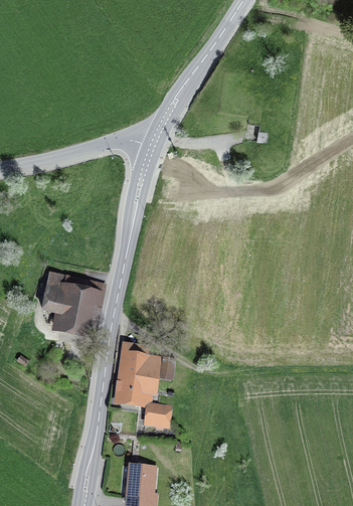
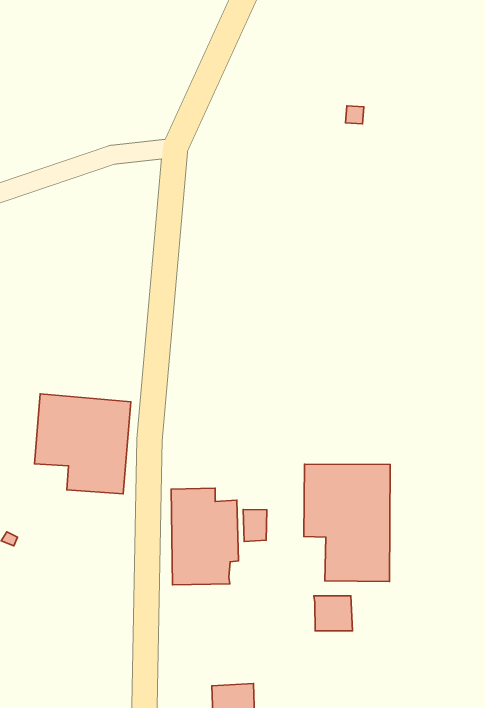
building: none -> [304,464,390,582]
building: [147,401,171,426] -> [314,596,352,631]

